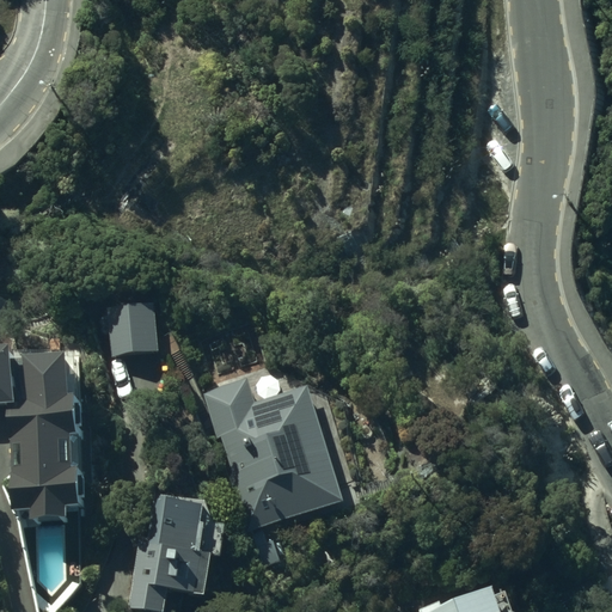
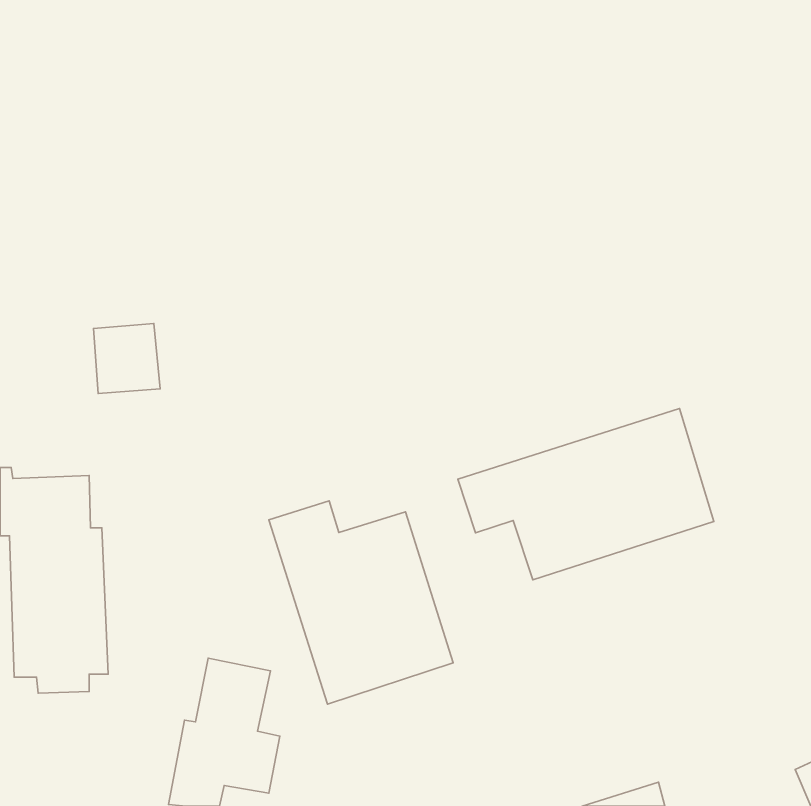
building: [109,301,159,354] -> [94,324,160,394]
building: none -> [458,408,714,580]

